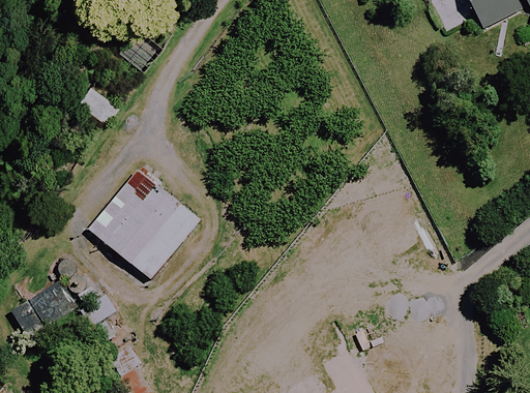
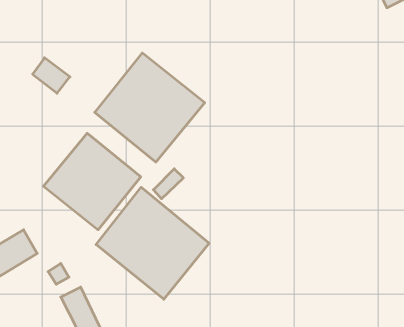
building: none -> [95,53,205,162]
building: none -> [96,187,209,299]

